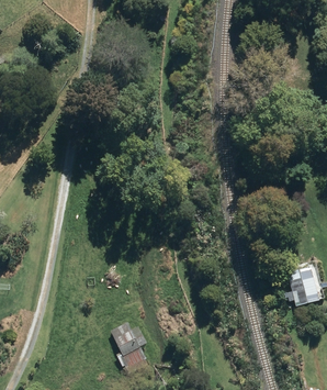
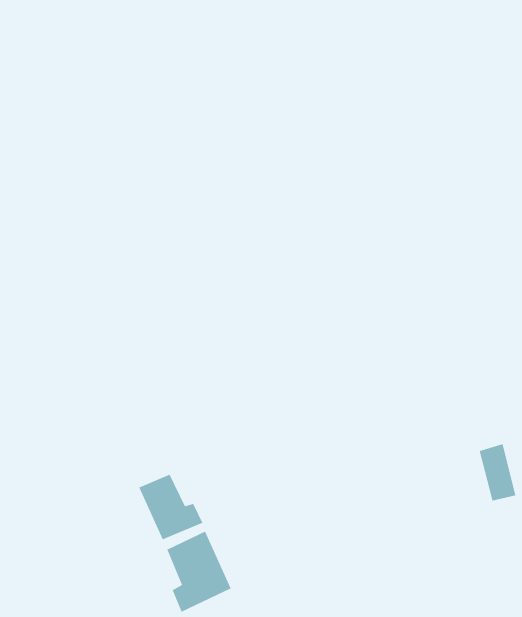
building: none -> [138,474,203,540]

